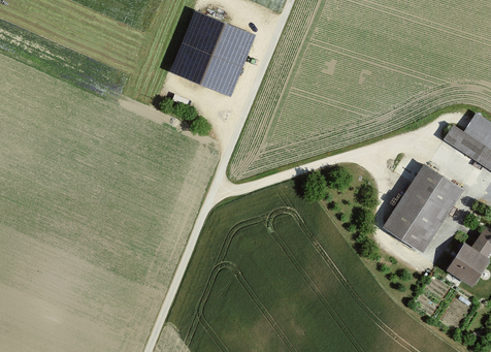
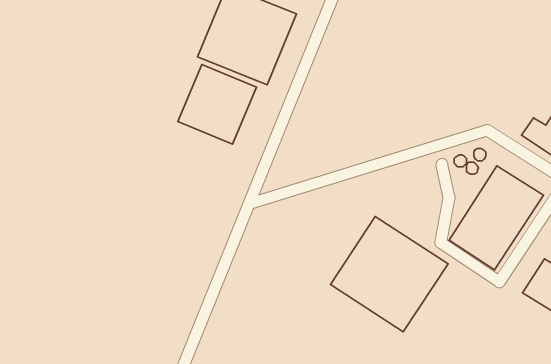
building: none -> [178,65,257,144]
building: none -> [330,217,448,332]

